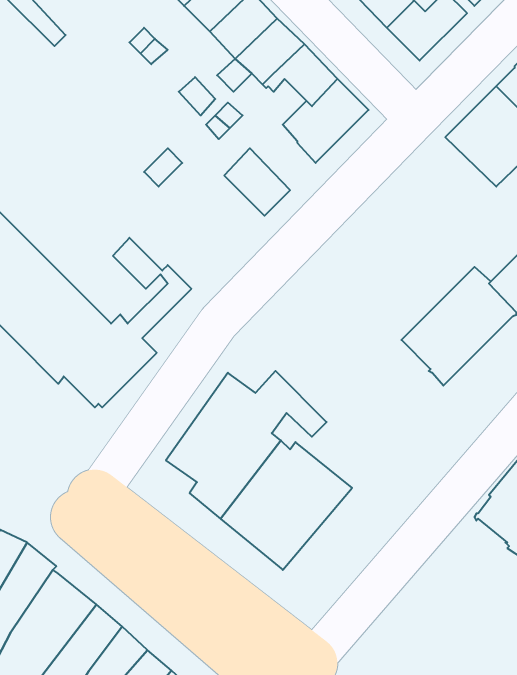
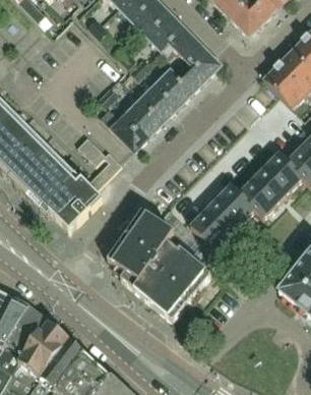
building: none -> [154,69,191,108]
building: none -> [101,100,163,150]
building: none -> [190,182,255,247]

